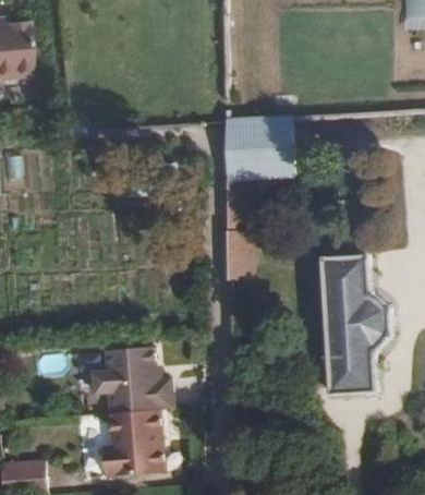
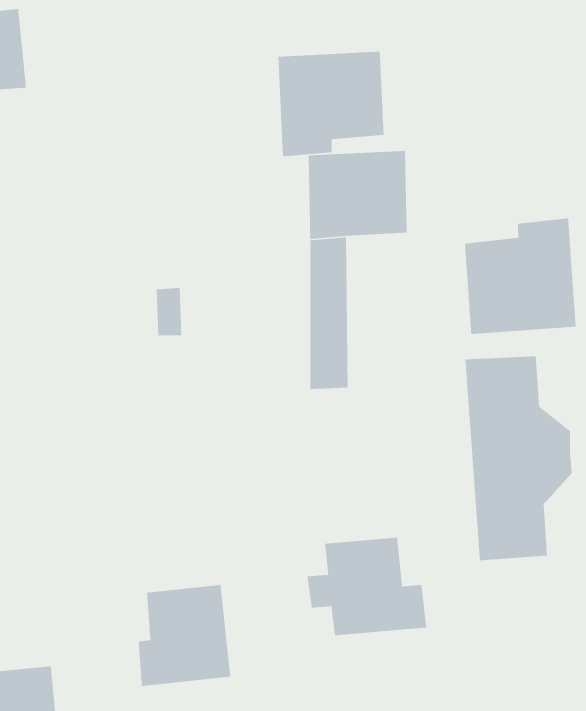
building: none -> [277,51,385,157]
building: none -> [464,218,576,335]
building: [92,346,172,412] -> [306,537,427,636]

